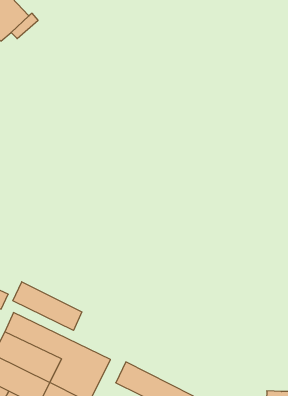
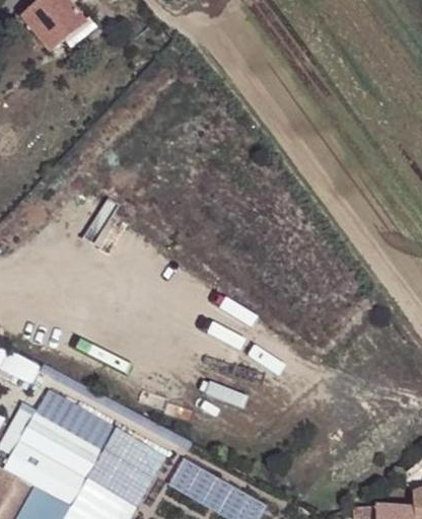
building: [13,282,82,330] -> none

